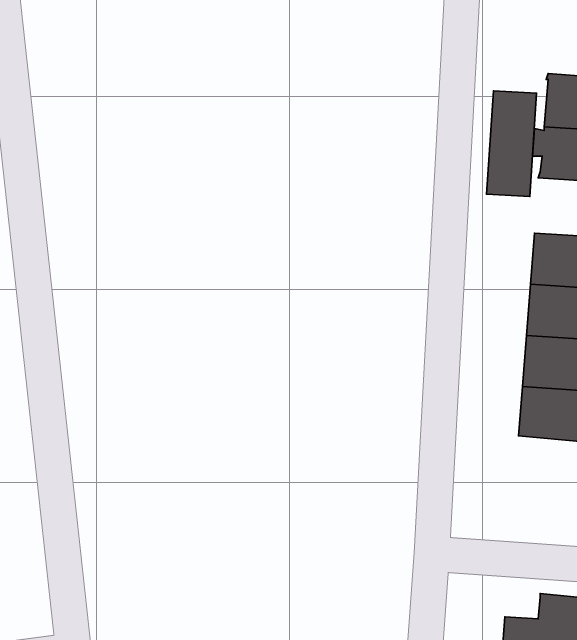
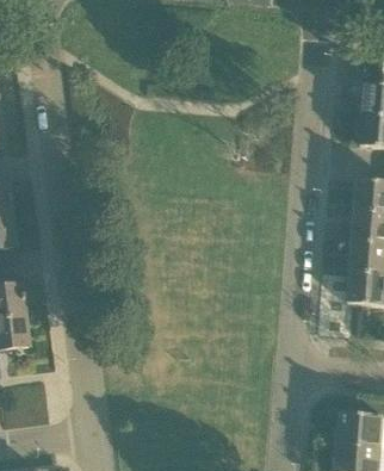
building: [486,91,537,196] -> none

